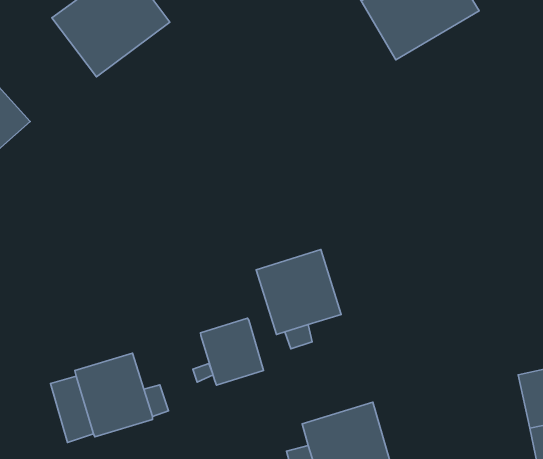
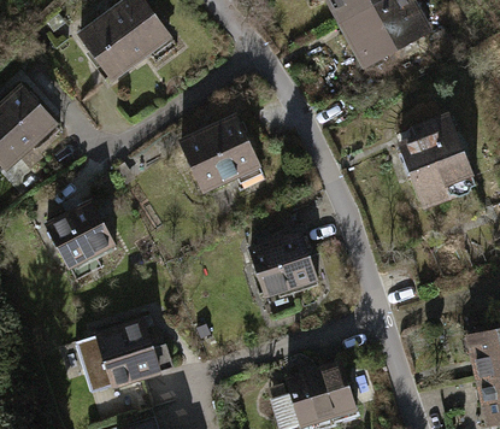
building: none -> [392,110,476,207]
building: none -> [178,112,260,190]
building: none -> [48,199,117,270]
building: [200,318,263,385] -> none

